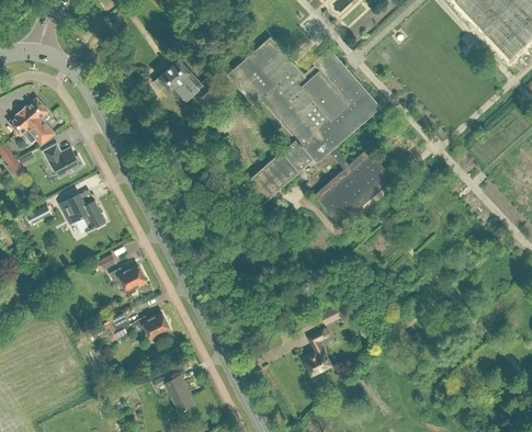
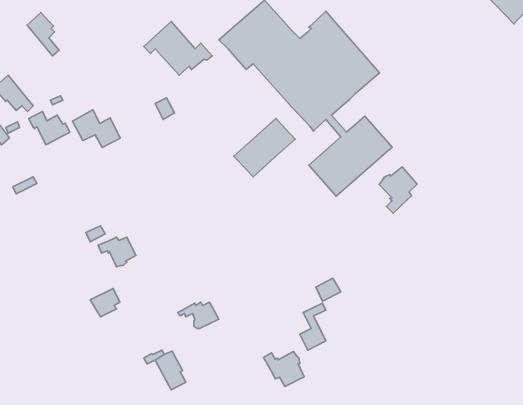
building: [23,96,54,138] -> [27,13,59,56]
building: [59,192,105,228] -> [72,110,120,147]
building: none -> [379,167,417,213]
building: [131,312,170,338] -> [178,302,219,328]
building: none -> [264,352,304,386]

